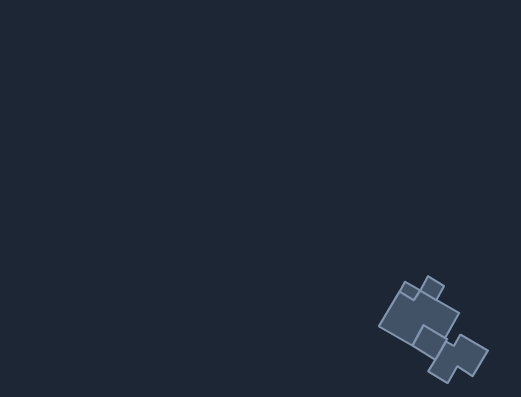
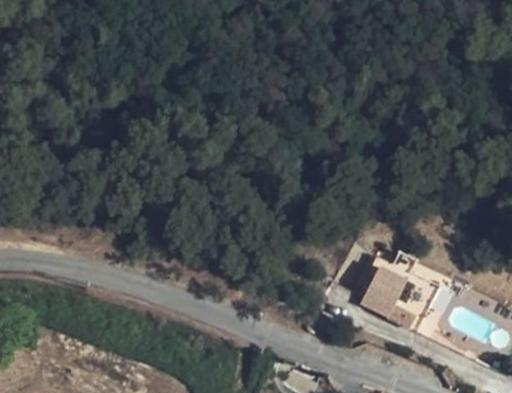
building: [428,335,488,383] -> none

